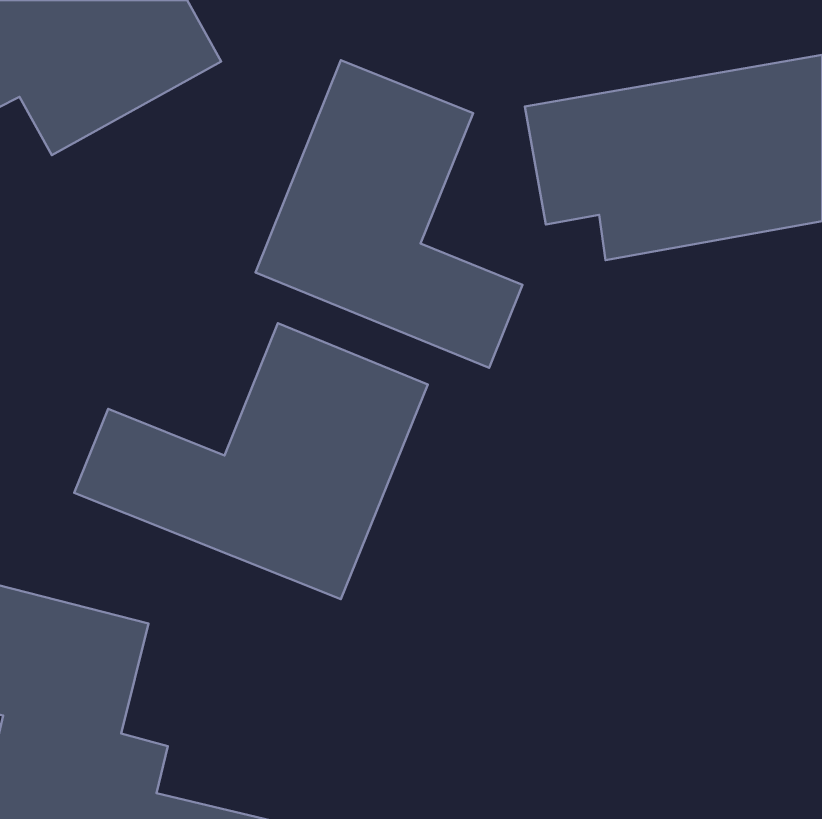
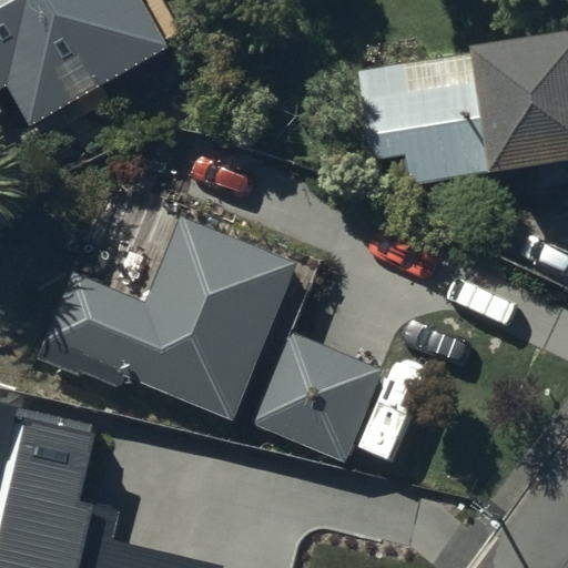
building: [255,60,523,368] -> none
building: none -> [261,341,375,457]

